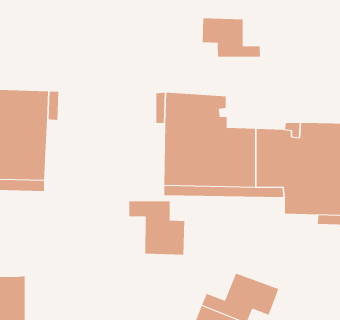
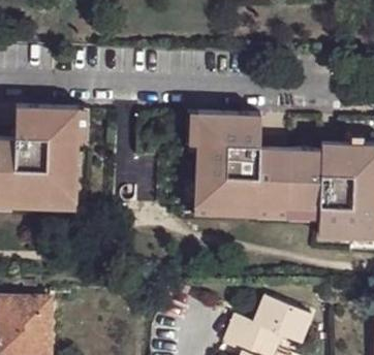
building: [202,18,260,58] -> none
building: [129,201,185,256] -> none

